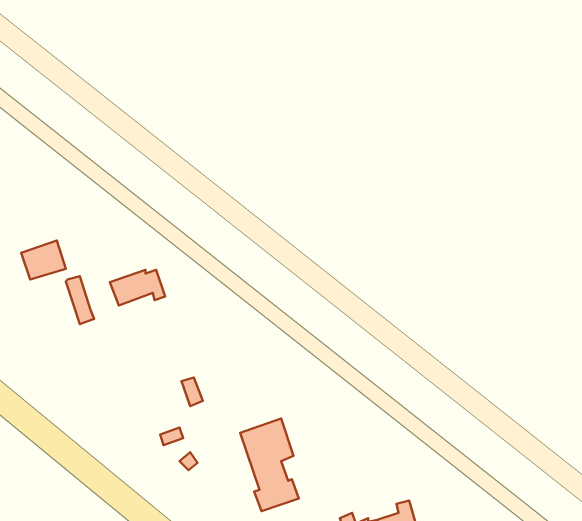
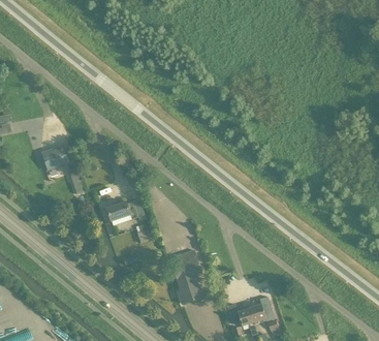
building: [110,270,165,305] -> [105,202,137,222]

